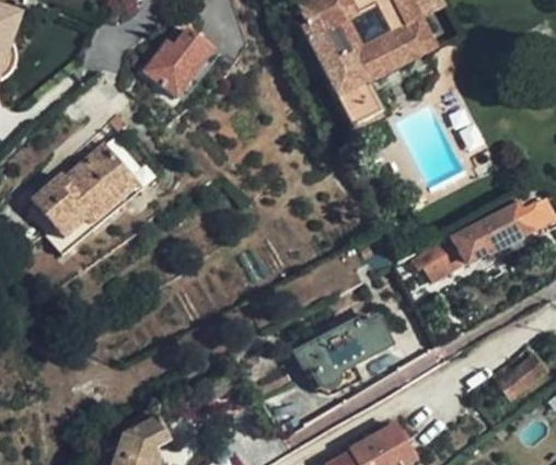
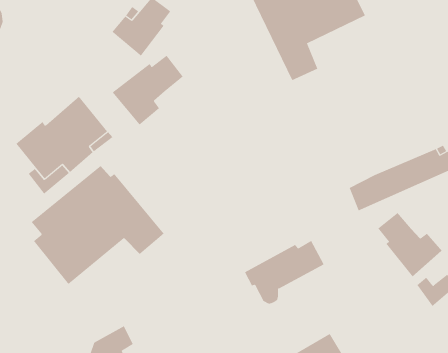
building: none -> [112,55,183,126]
building: none -> [31,165,165,285]
building: none -> [378,212,443,277]

